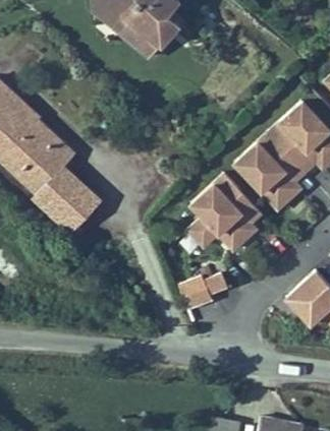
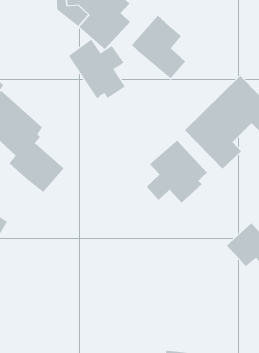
building: none -> [131,15,186,79]
building: none -> [68,39,126,99]
building: [180,273,229,310] -> none

